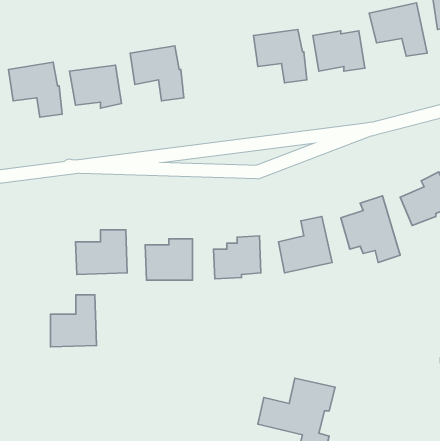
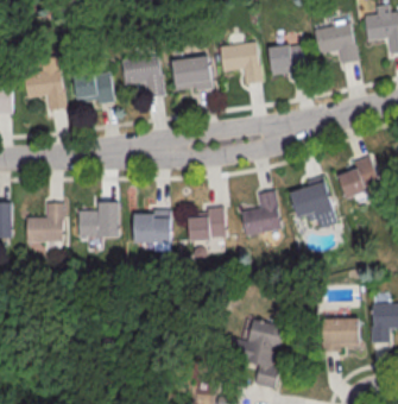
building: none -> [171,56,213,90]
building: [50,295,96,347] -> [26,202,63,244]
building: none -> [322,318,360,352]

